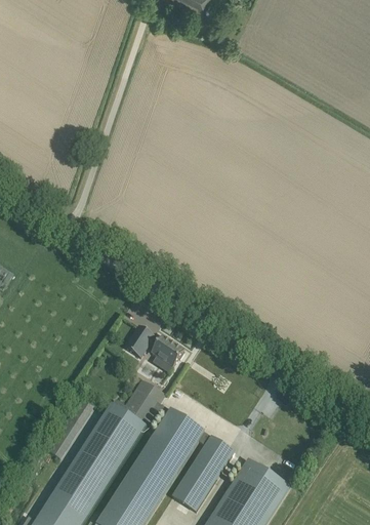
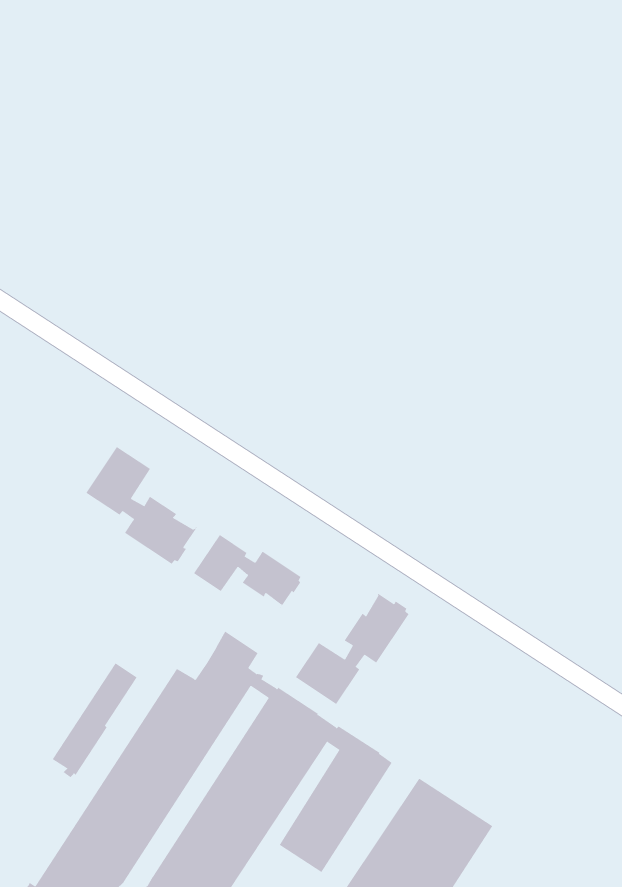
building: none -> [86,446,197,565]
building: none -> [295,592,409,705]

